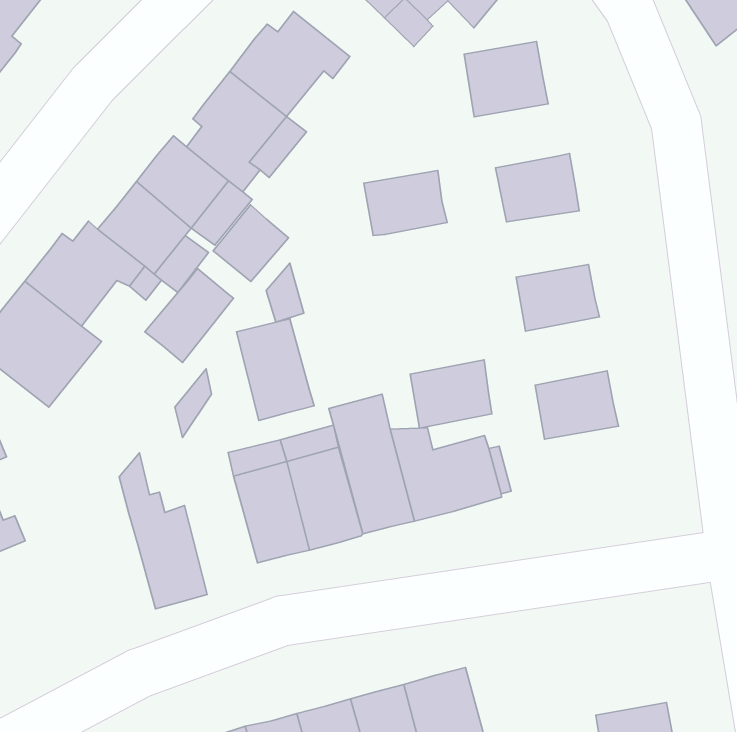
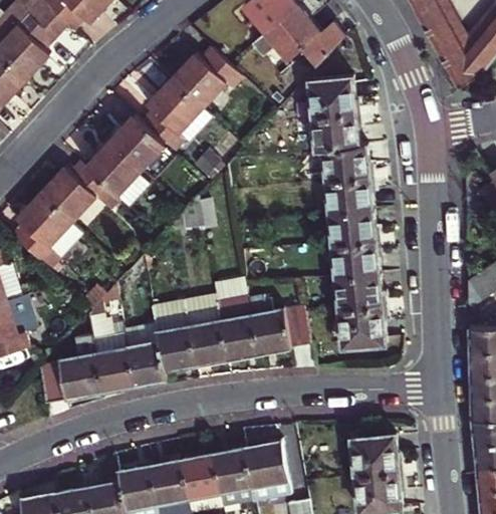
building: [364,170,447,235] -> [312,113,359,149]
building: [213,205,289,282] -> none
building: none -> [326,178,373,214]
building: [145,269,234,363] -> none
building: [236,319,314,420] -> [123,327,166,386]
building: [410,360,492,428] -> [332,241,379,278]
building: none -> [338,306,386,346]
building: none -> [38,334,101,402]
building: none -> [351,434,398,475]

